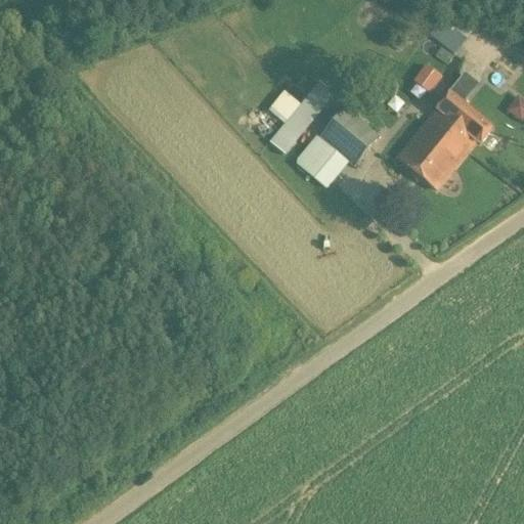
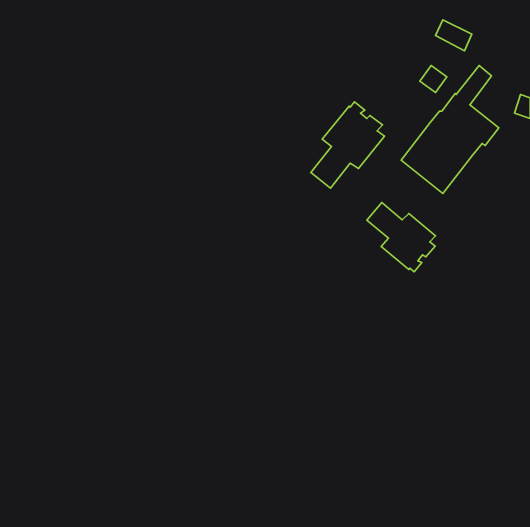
building: [267,78,335,151] -> none
building: none -> [367,203,436,272]

